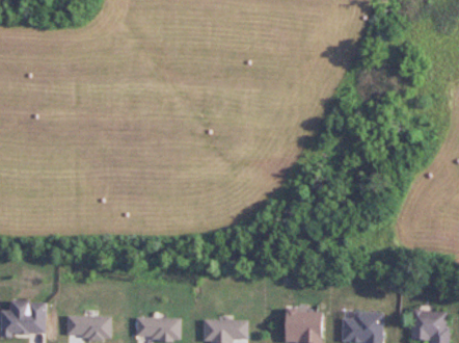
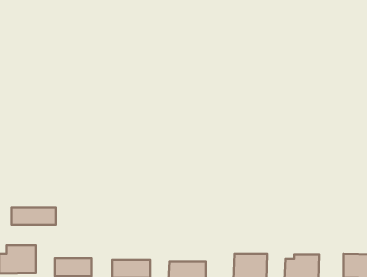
building: none -> [11,208,56,225]

